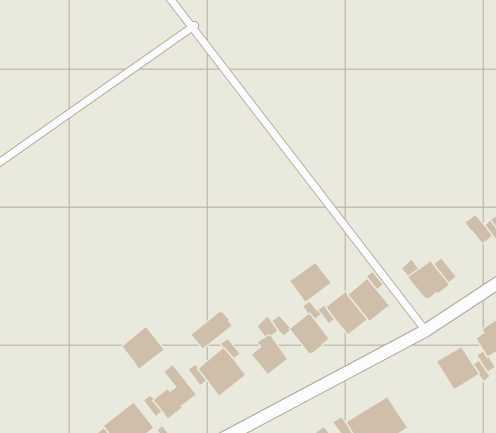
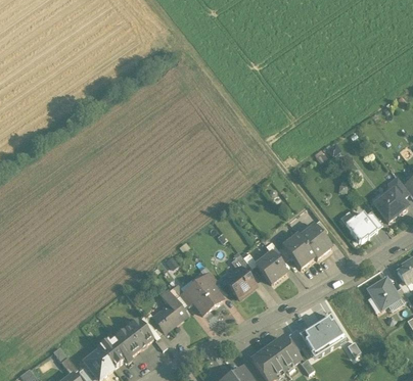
building: none -> [374,189,407,221]
building: [290,262,332,302] -> none
building: [190,310,233,350] -> none
building: [122,326,164,369] -> none

